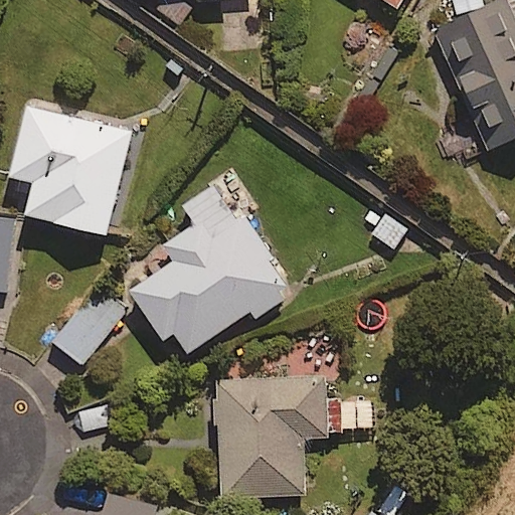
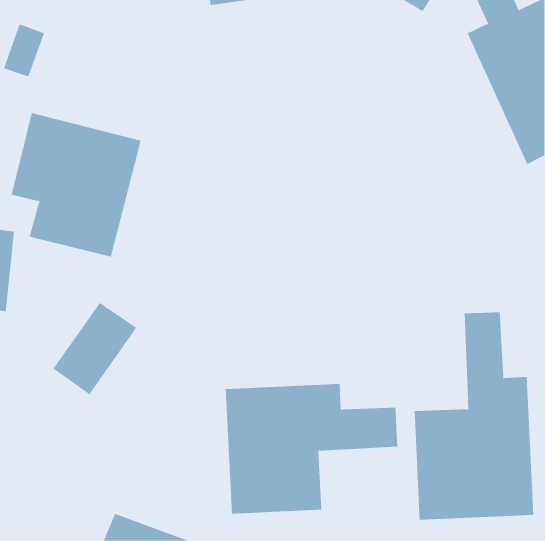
building: [130,182,288,356] -> none
building: none -> [414,312,534,520]

